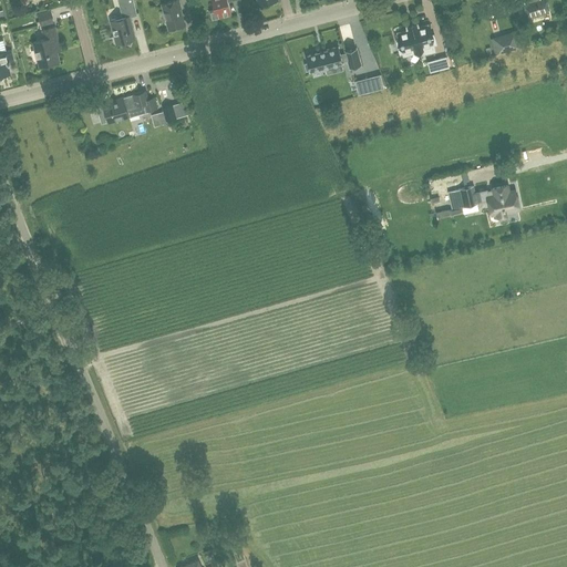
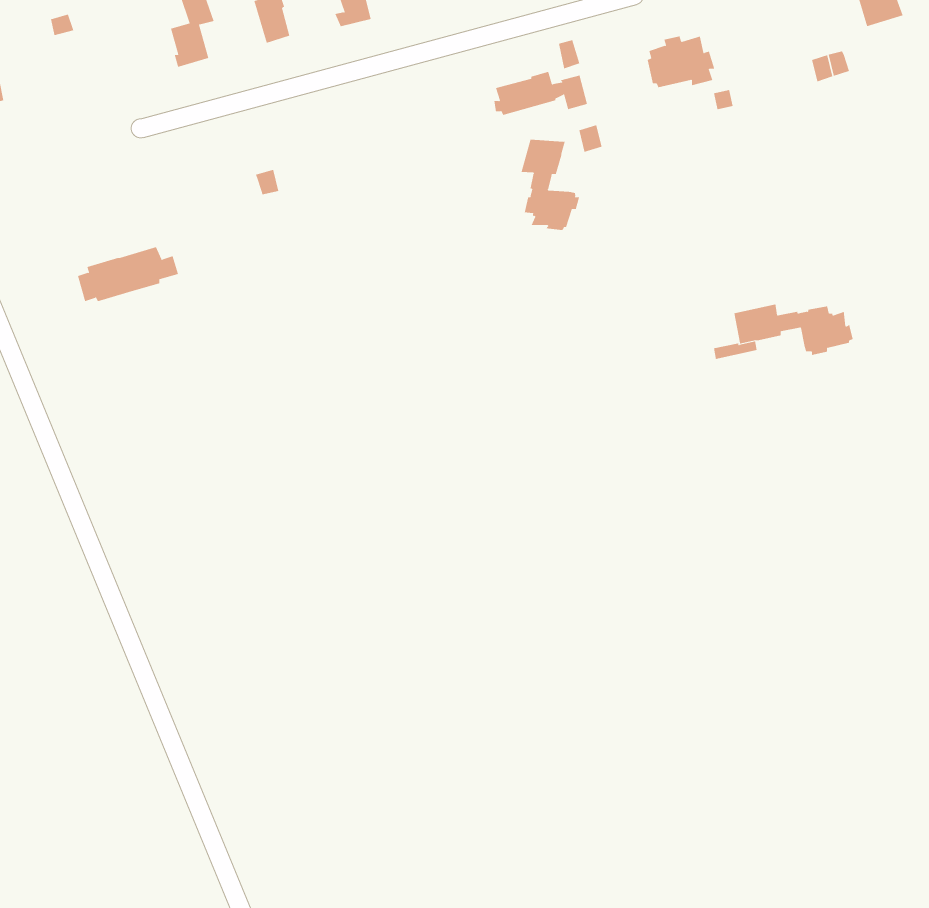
building: [33,27,59,65] -> none
building: none -> [521,139,580,231]
building: [97,90,158,123] -> [77,246,179,302]

